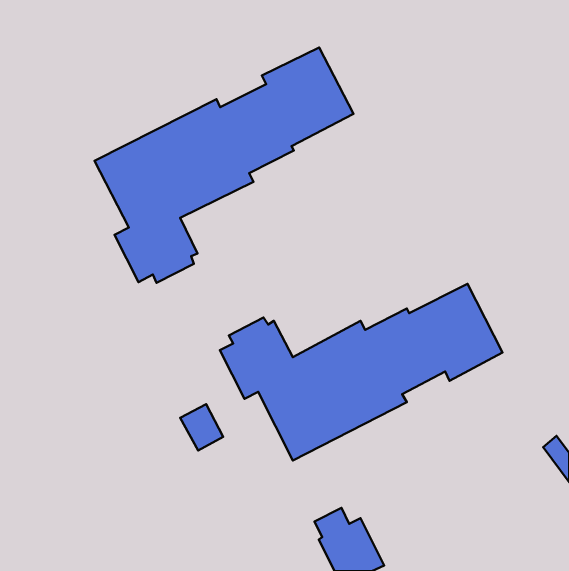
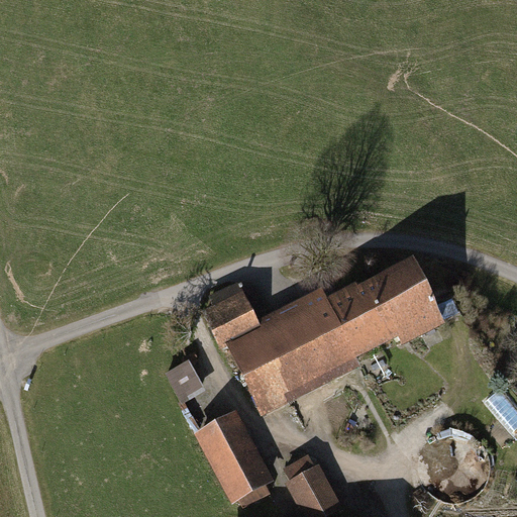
building: [95,47,353,283] -> none
building: none -> [195,413,272,506]

